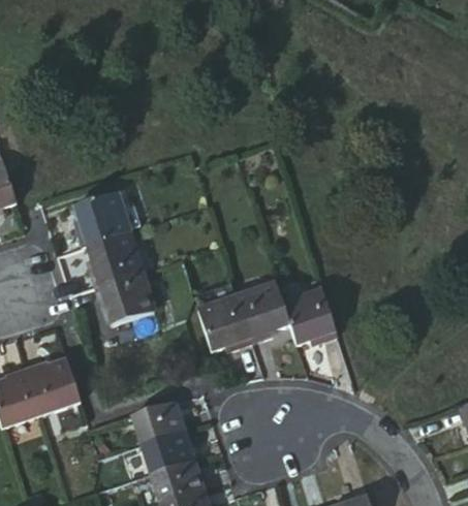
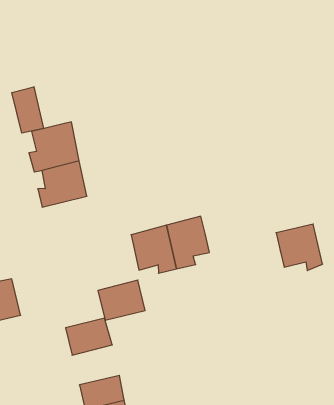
building: none -> [12,87,44,133]
building: [96,267,157,325] -> none
building: [278,287,332,339] -> [276,224,323,271]
building: [141,430,194,476] -> [98,280,145,320]

